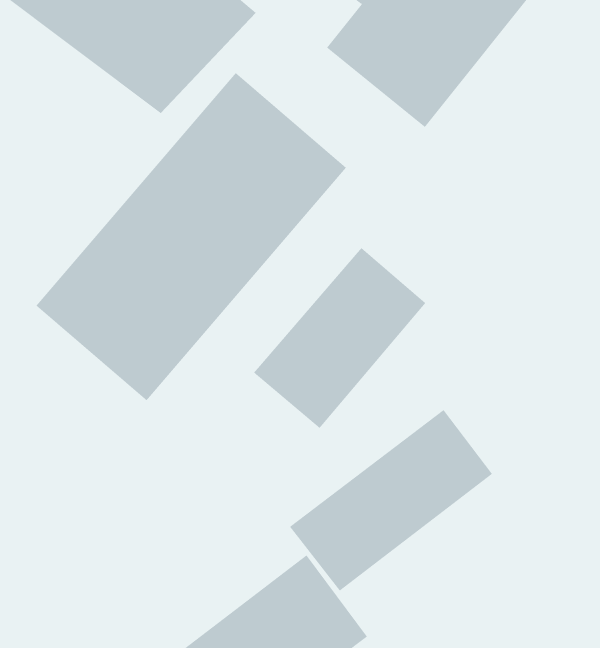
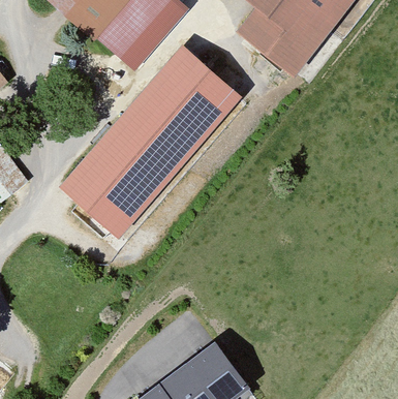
building: [253,247,426,429] -> none
building: [289,409,493,592] -> none

